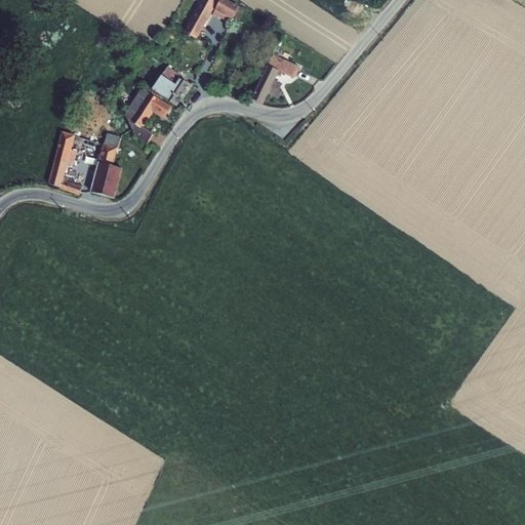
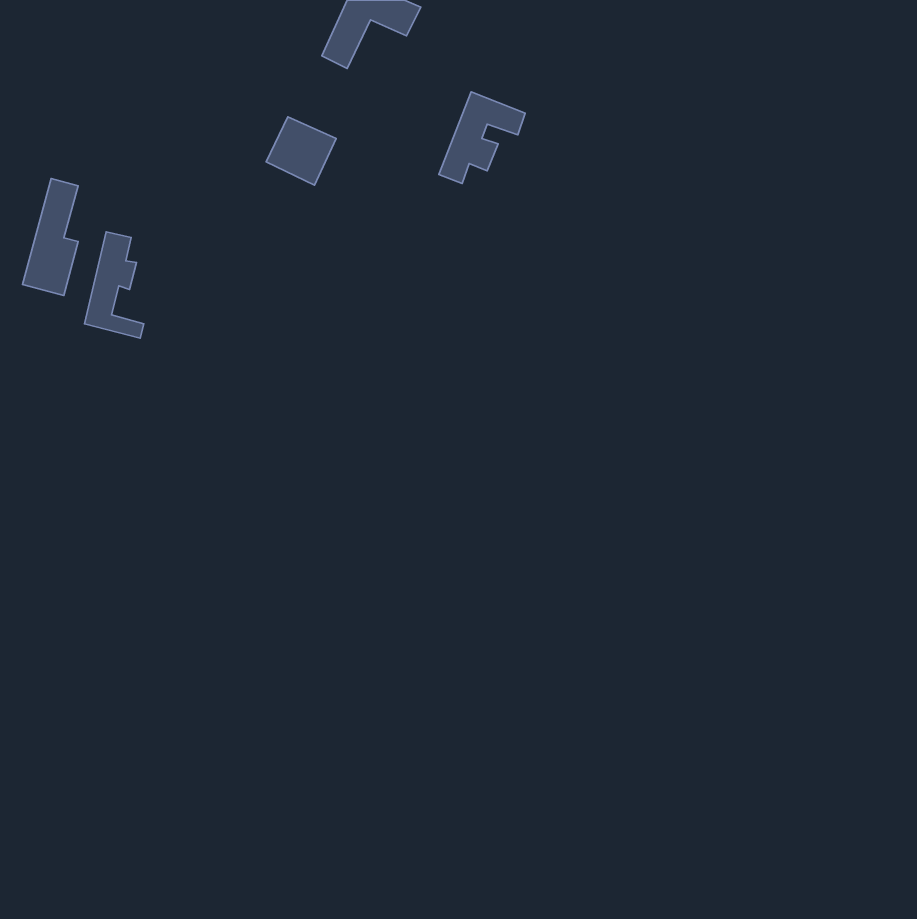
building: [122,86,171,143] -> none
building: [89,131,121,198] -> [22,179,78,295]

